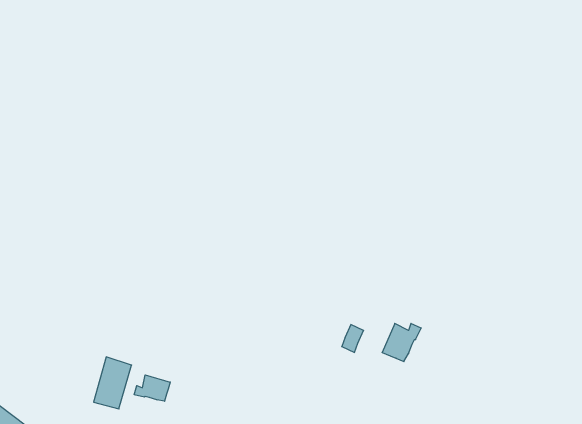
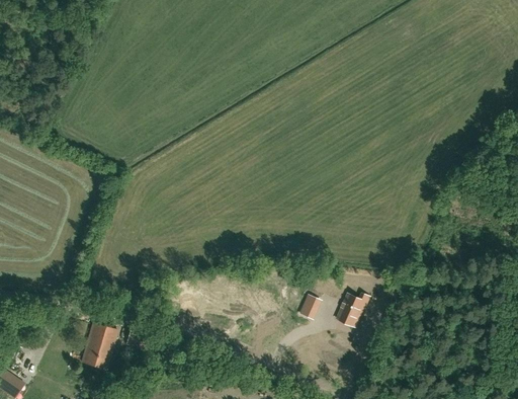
building: [134,375,170,401] -> none

